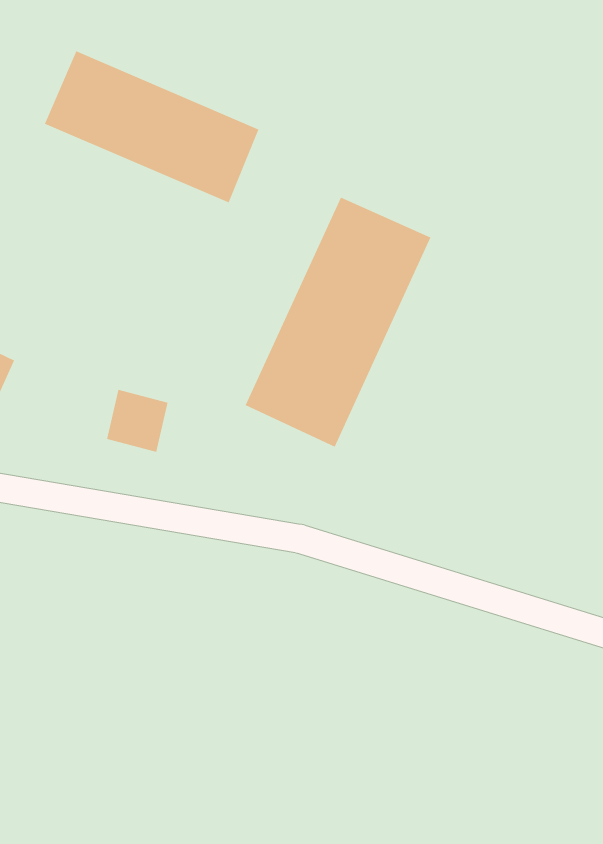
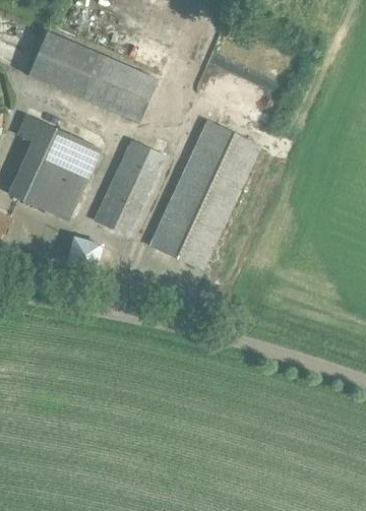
building: none -> [8,114,102,220]
building: none -> [93,138,168,238]

